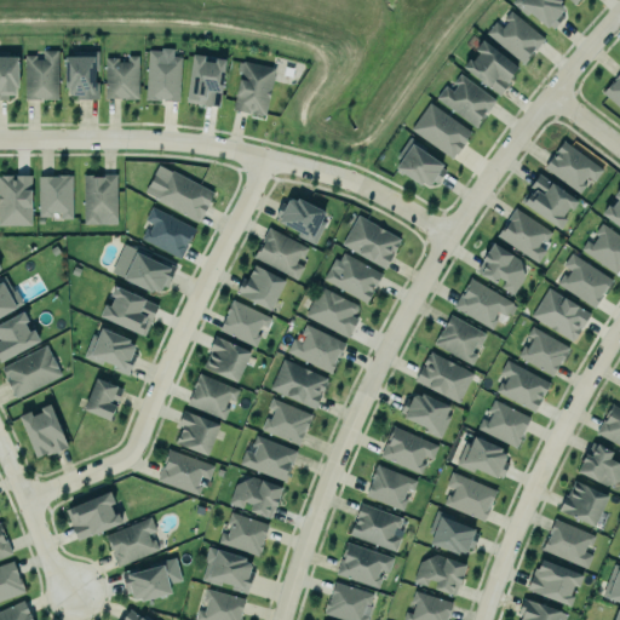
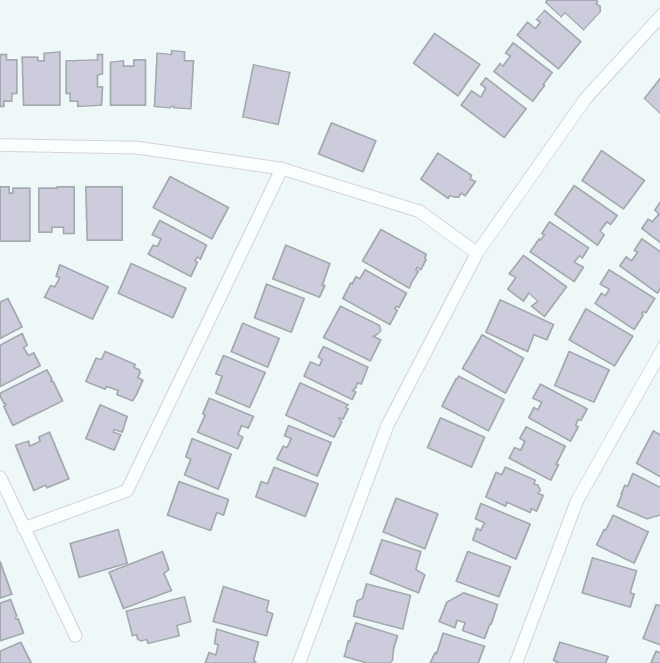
building: [186,53,225,107] -> none
building: [408,102,470,160] -> [414,33,480,96]
building: [277,196,331,242] -> [319,123,376,172]
building: [99,285,159,335] -> [44,265,108,319]
building: [380,425,438,473] -> none
building: [231,475,285,518] -> none
building: [219,511,270,555] -> none
building: [526,552,589,607] -> none

